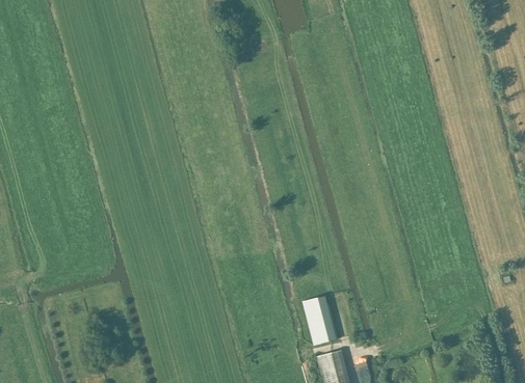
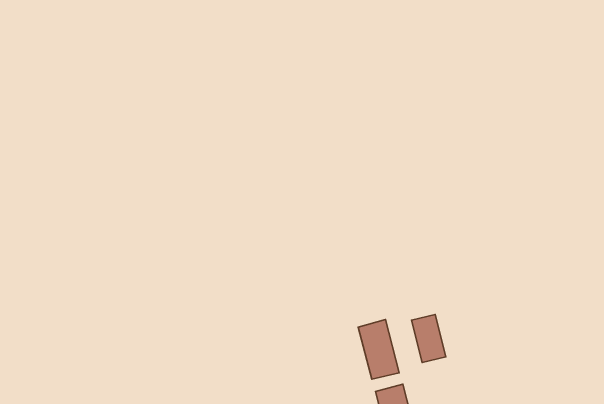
building: none -> [411,314,446,362]

